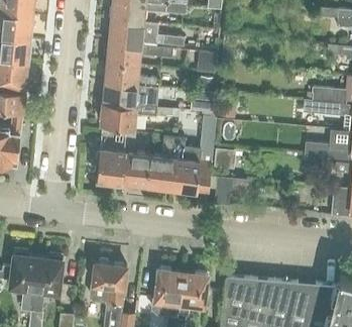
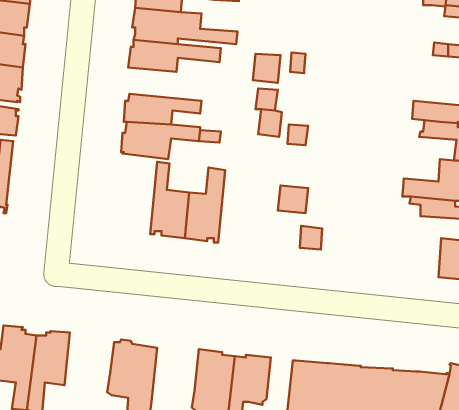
building: [104,63,159,87] -> none
building: [170,116,216,193] -> none
building: [94,129,126,184] -> none

